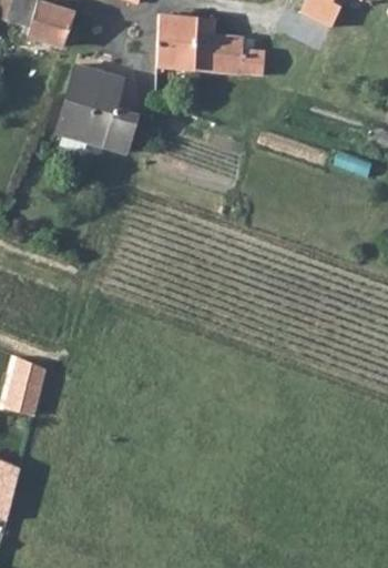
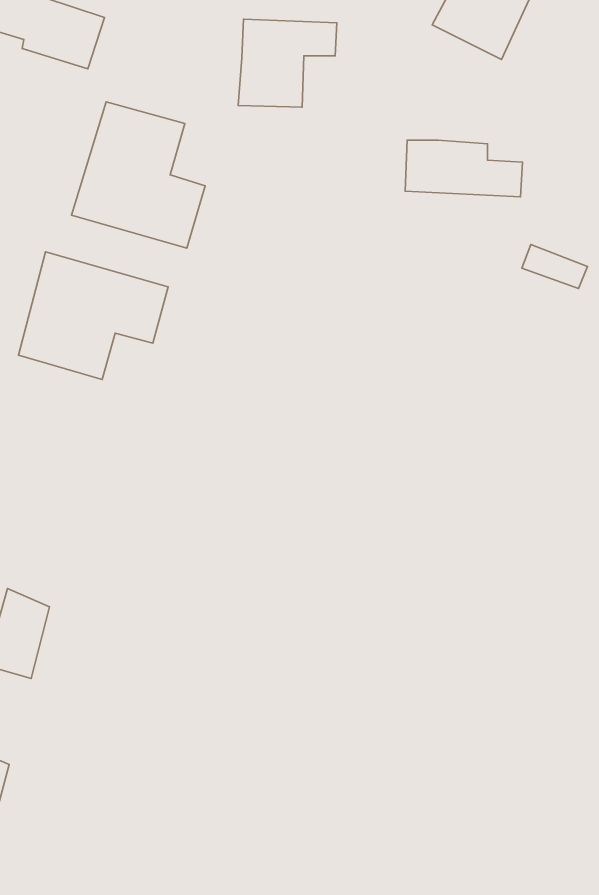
building: [197,37,268,71] -> [405,140,522,197]
building: none -> [18,252,168,379]

